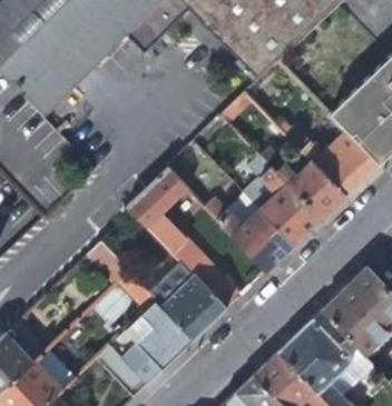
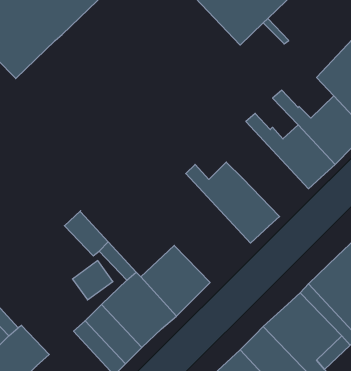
building: [247,152,322,246] -> none
building: [127,167,242,309] -> none

